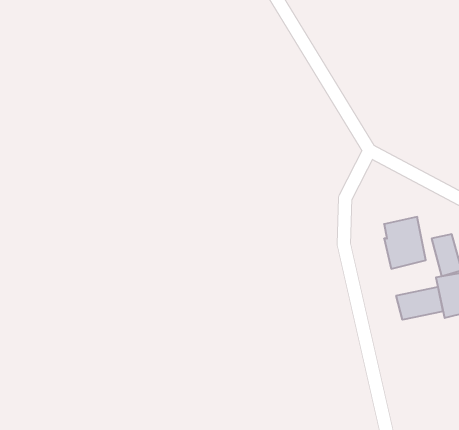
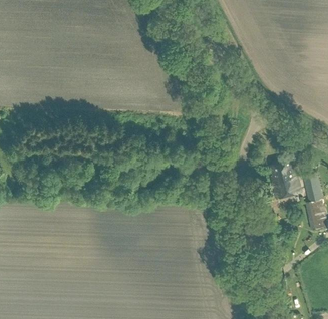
building: [396,287,443,320] -> none

